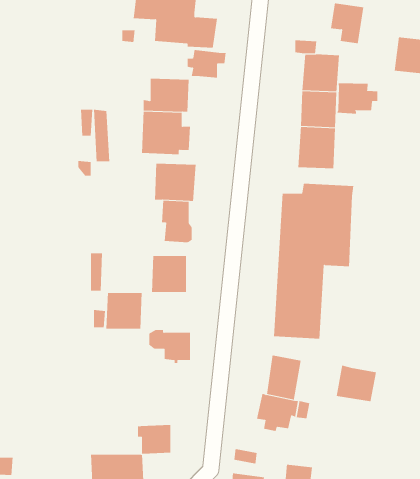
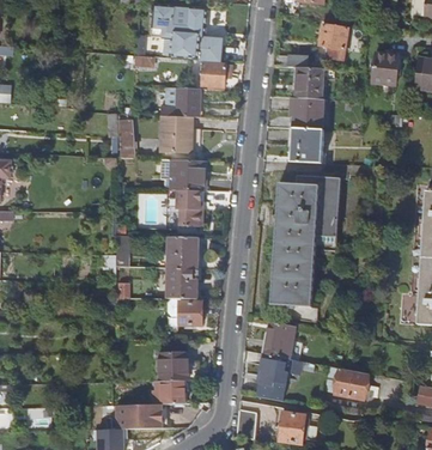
building: [337,83,378,114] -> none
building: [106,292,143,329] -> [166,268,197,299]
building: [336,365,377,402] -> [333,367,367,399]
building: none -> [157,351,195,381]

